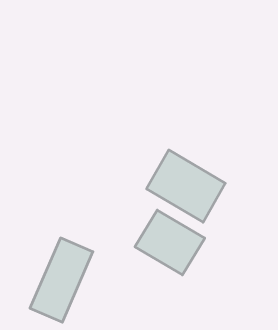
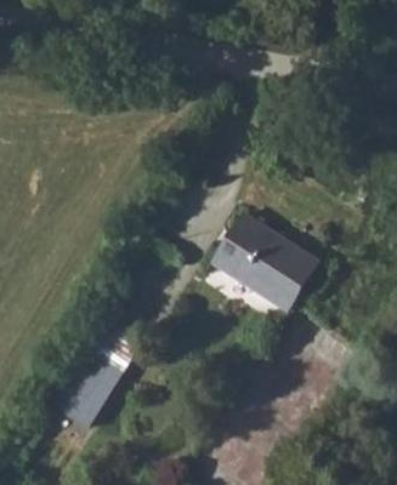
building: [135,210,205,275] -> none

